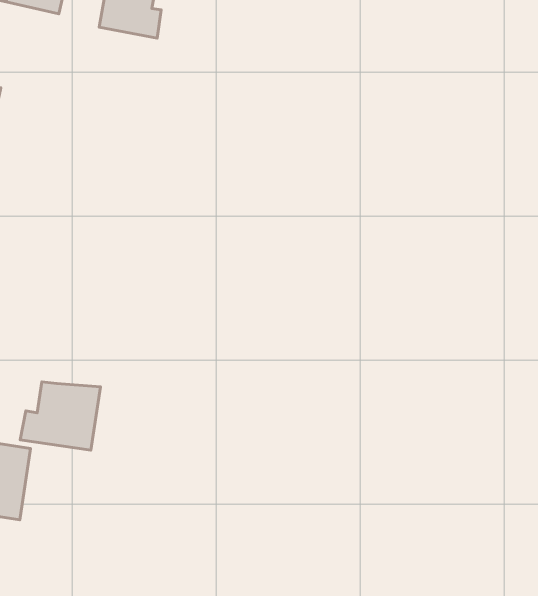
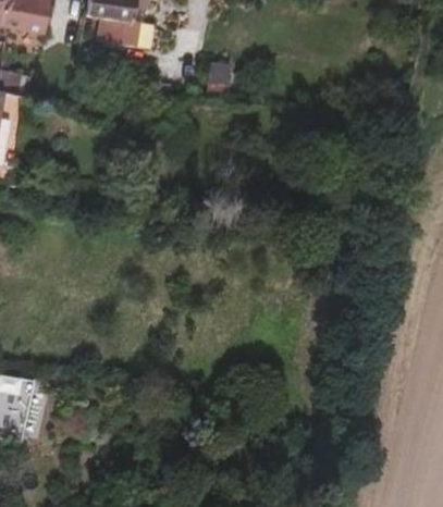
building: [20,382,100,450] -> none

